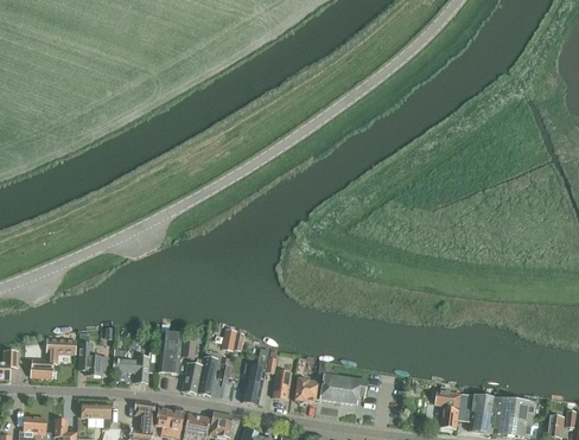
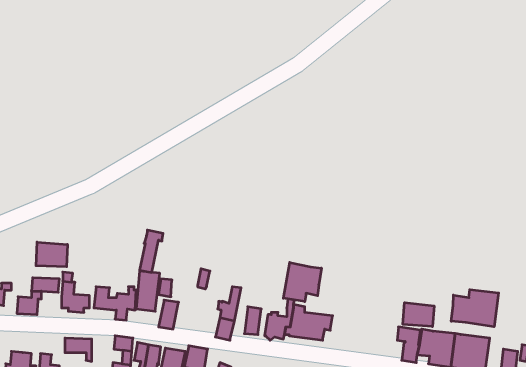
building: none -> [36,242,67,267]
building: none -> [283,262,321,302]
building: [197,350,222,395] -> [140,230,163,272]
building: none -> [451,290,499,327]
building: none -> [403,303,434,327]

